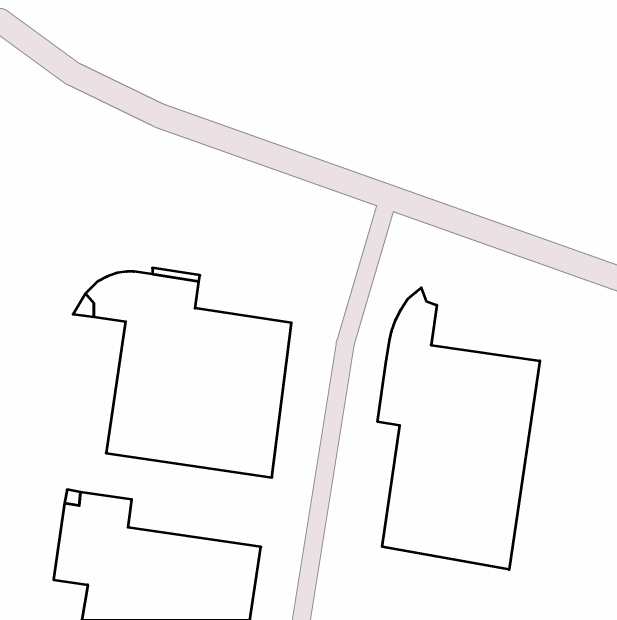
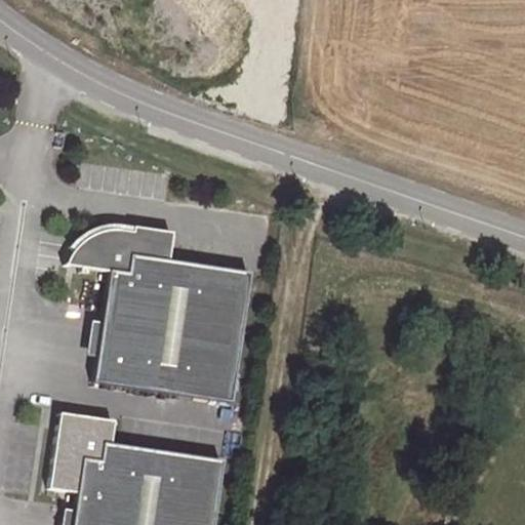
building: [378,288,540,570] -> none

